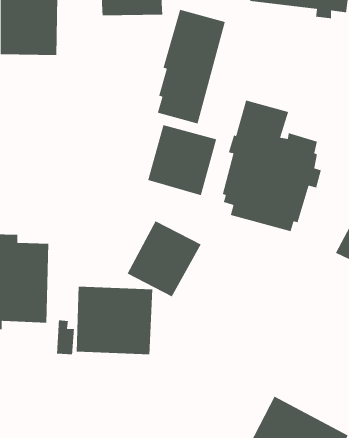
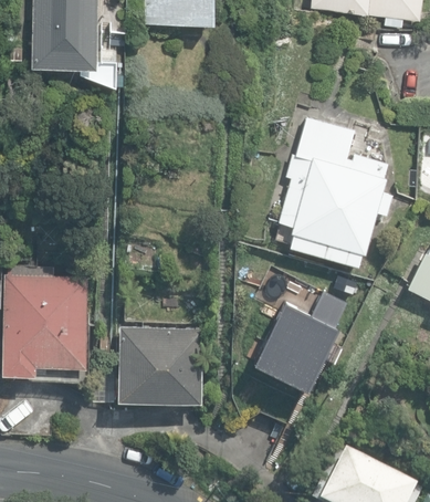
building: [157,9,226,125] -> none
building: [147,124,217,196] -> none
building: [126,220,202,298] -> [252,300,336,386]

